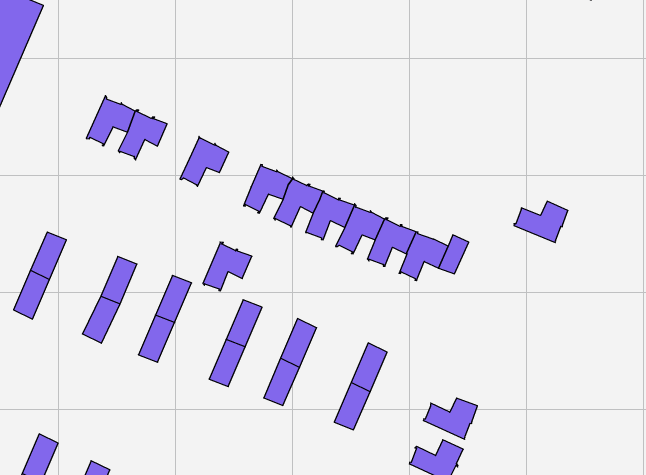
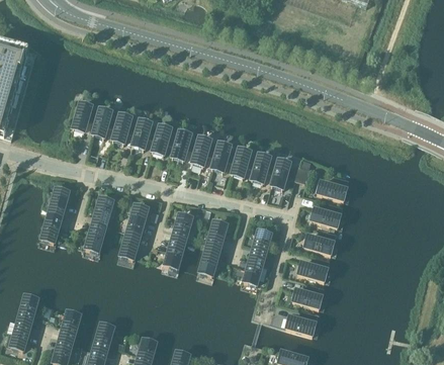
building: none -> [111,113,139,143]
building: [514,201,568,243] -> [316,175,347,199]
building: [203,242,252,291] -> [151,124,178,154]
building: none -> [309,201,341,226]
building: none -> [302,229,335,253]

